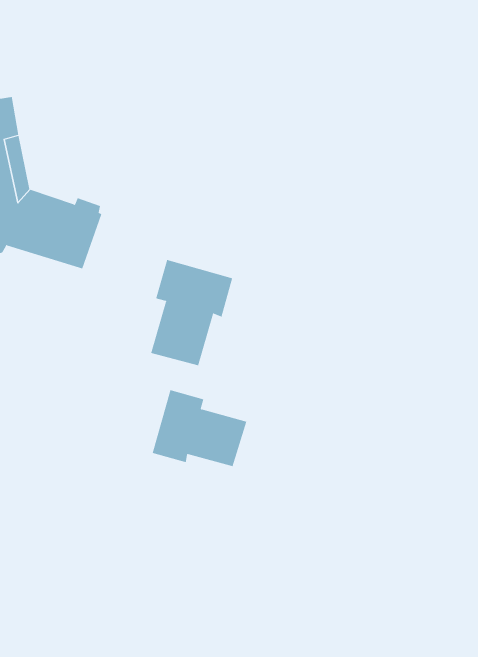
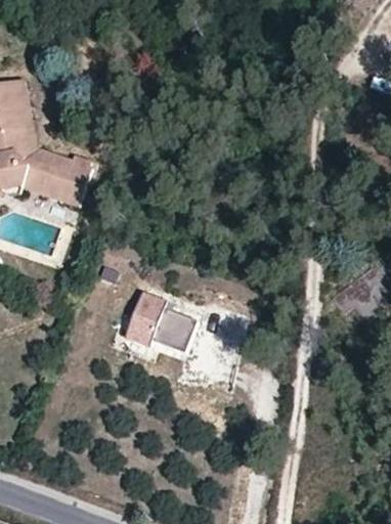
building: [150,259,233,366] -> none

